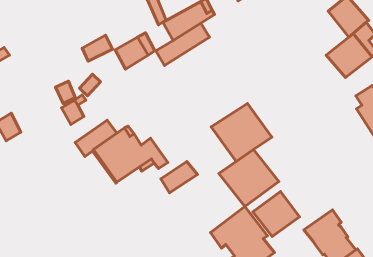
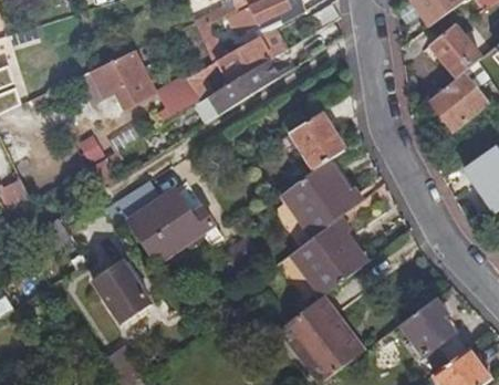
building: none -> [91,50,150,97]
building: none -> [289,112,344,169]
building: none -> [95,262,152,323]
building: [253,192,299,236] -> none

